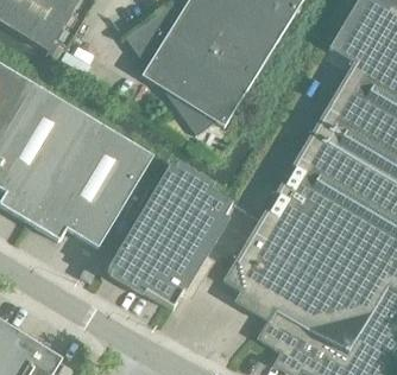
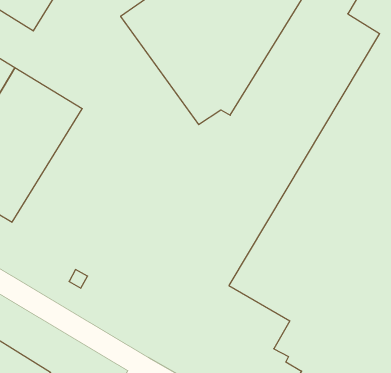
building: [29,120,153,248] -> none
building: [107,165,233,309] -> none

